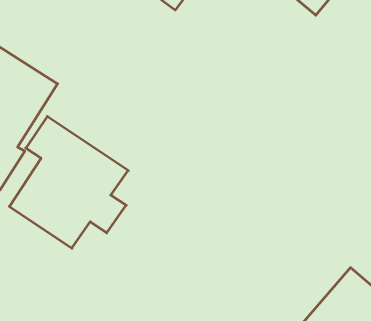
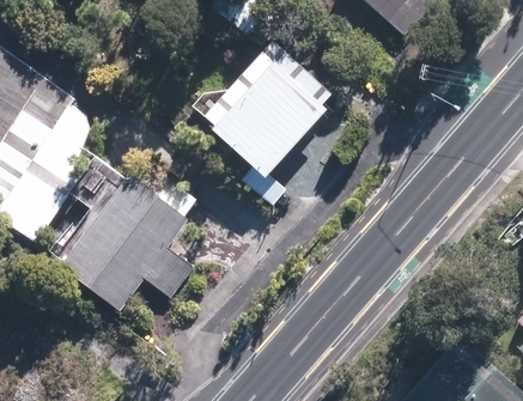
building: none -> [201,40,336,188]

